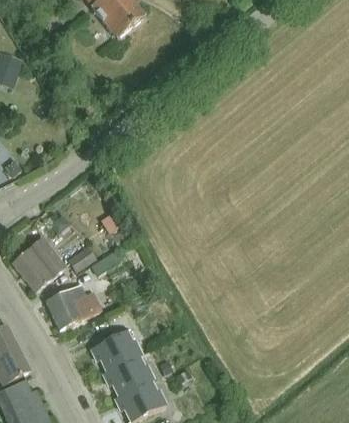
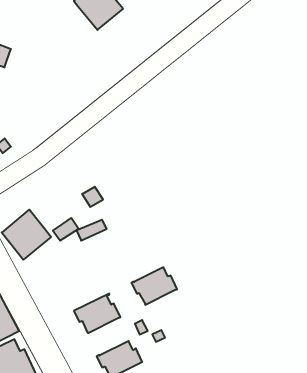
building: [46,284,101,330] -> none
building: [104,356,154,397] -> [131,267,177,305]

